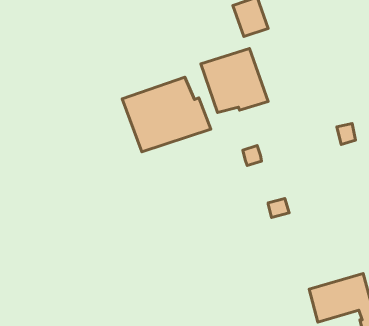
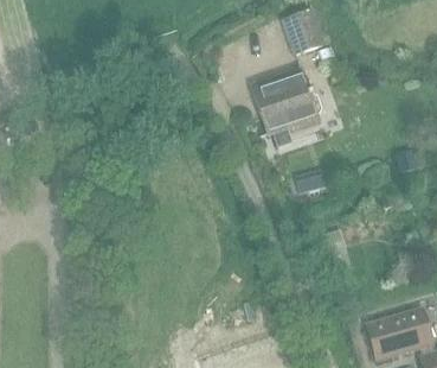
building: [122,77,211,152] -> none

